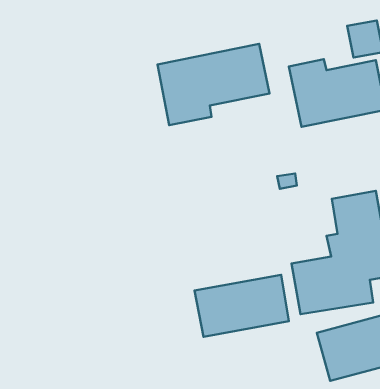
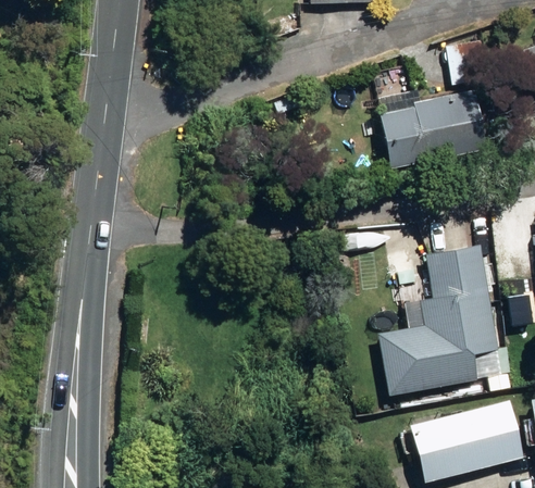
building: [158,44,269,125] -> none
building: [195,275,289,337] -> none

